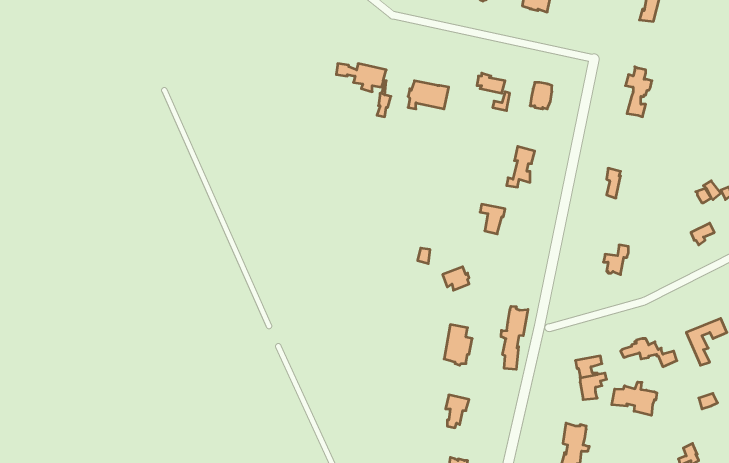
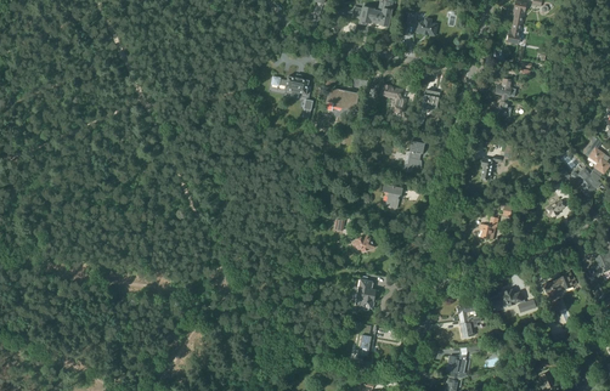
building: [501,306,528,369] -> none
building: [612,382,657,415] -> none

